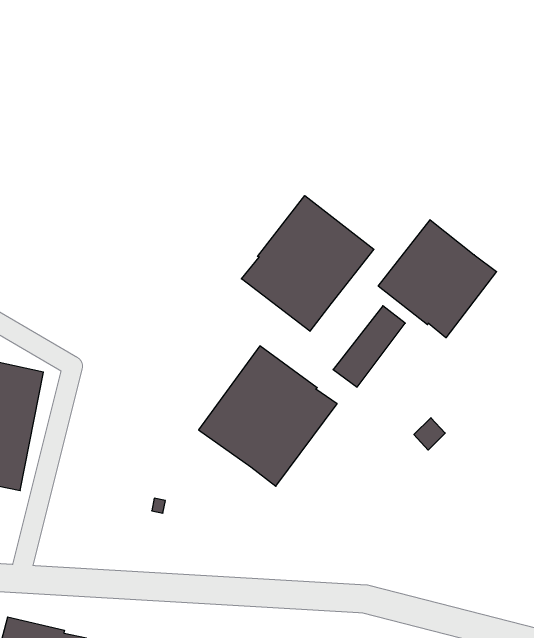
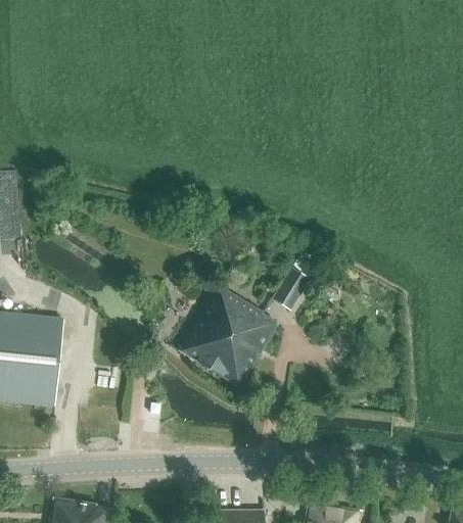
building: [241,196,374,331] -> none
building: [378,220,497,338] -> none

